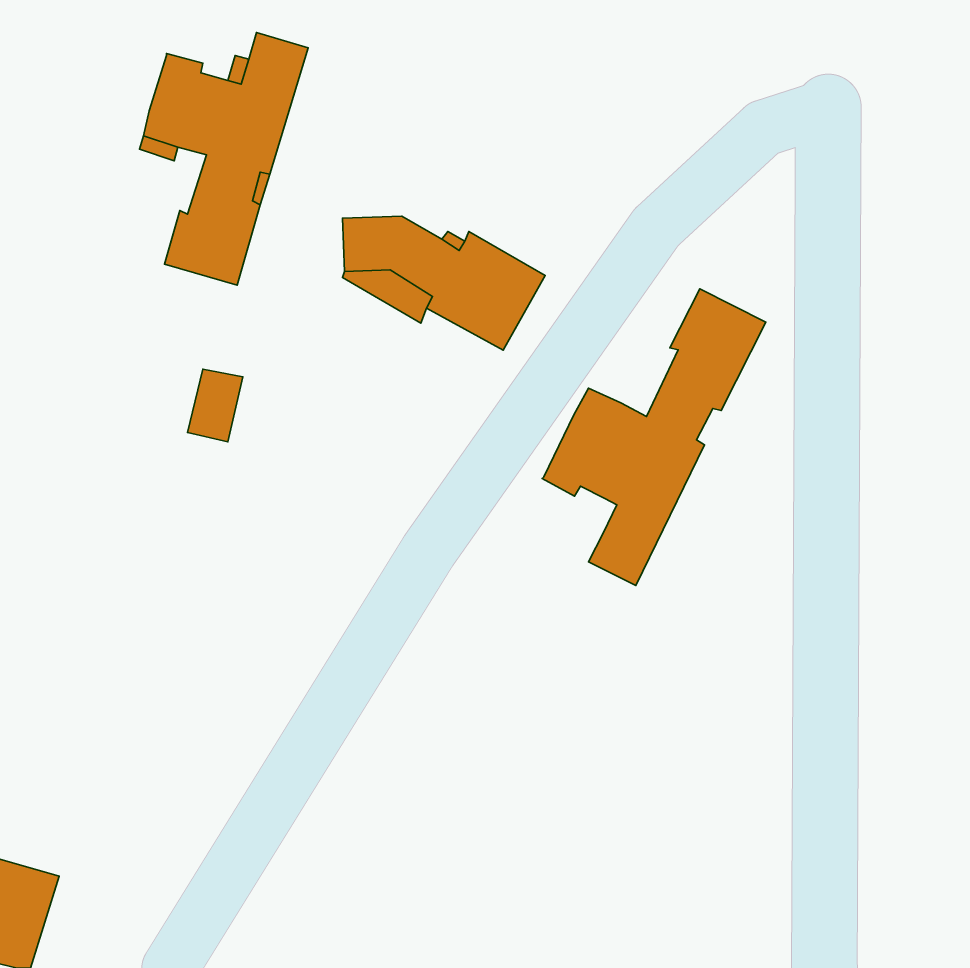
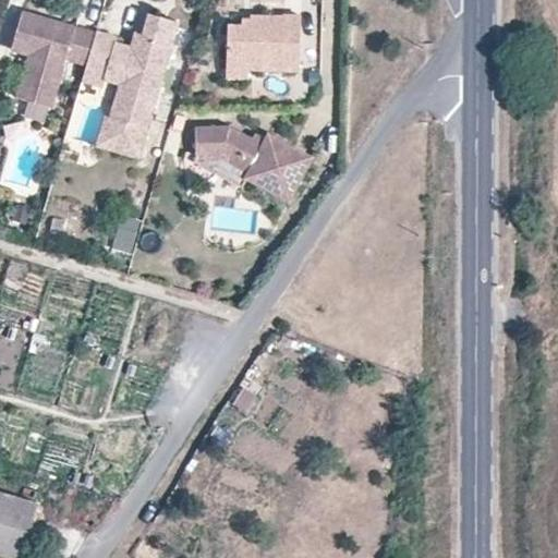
building: none -> [10,11,95,107]
building: none -> [228,11,301,71]
building: [542,289,766,585] -> none

